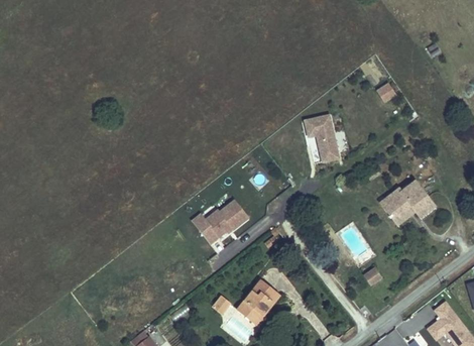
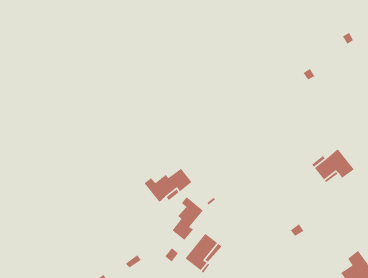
building: [304,114,338,161] -> none
building: none -> [171,196,204,241]

